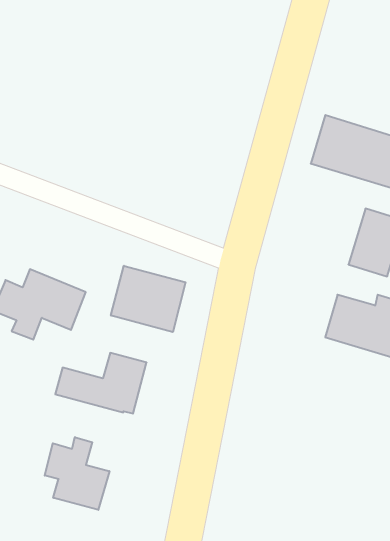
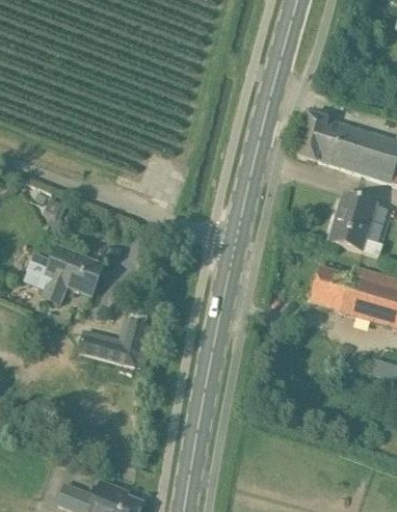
building: [111,266,186,332] -> none
building: [45,437,109,510] -> none

